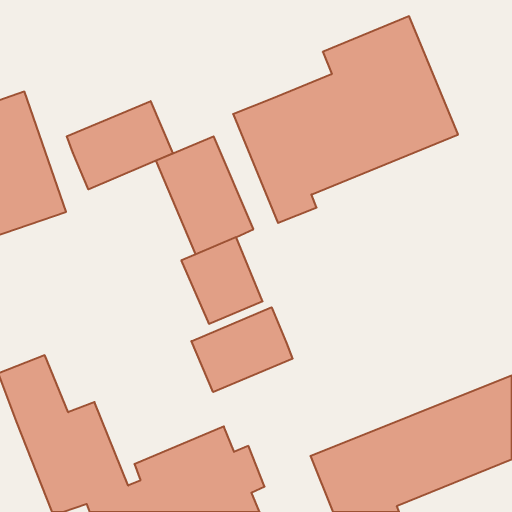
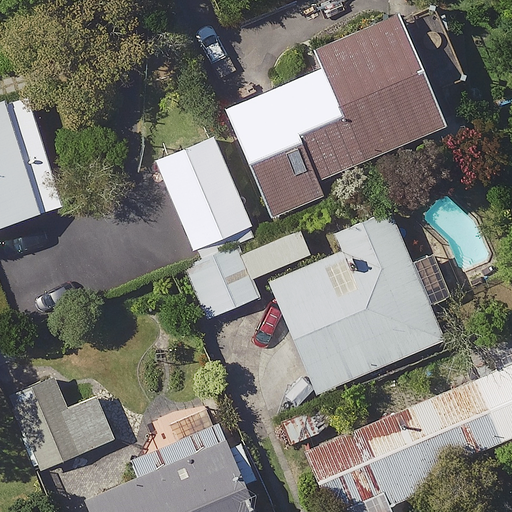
building: [67,101,173,189] -> none
building: none -> [269,207,442,393]
building: [191,307,293,392] -> none

